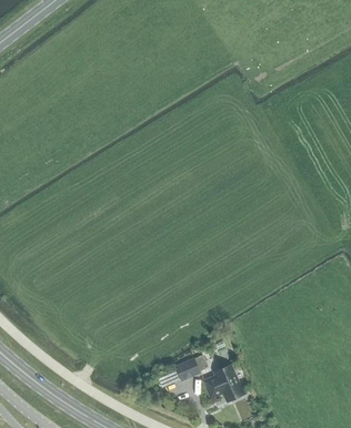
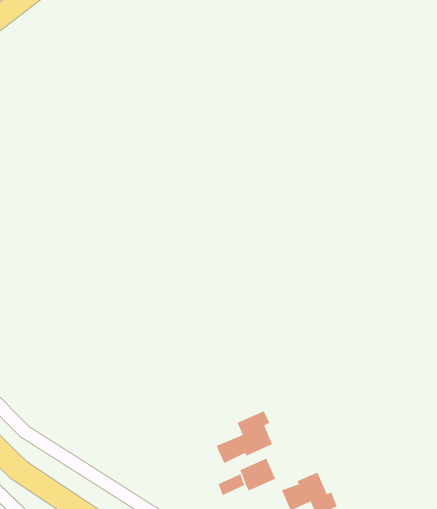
building: none -> [216,410,273,464]

